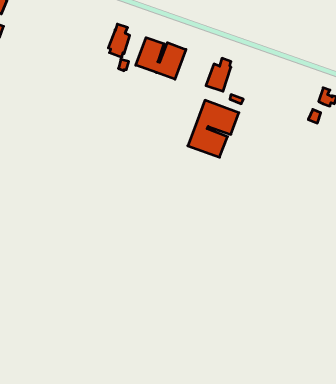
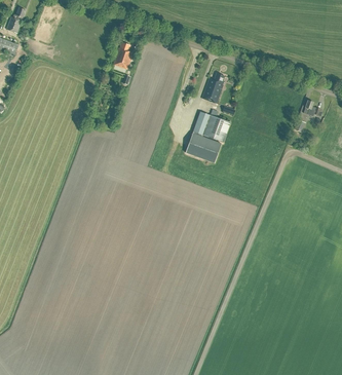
building: [136,38,186,79] -> none

